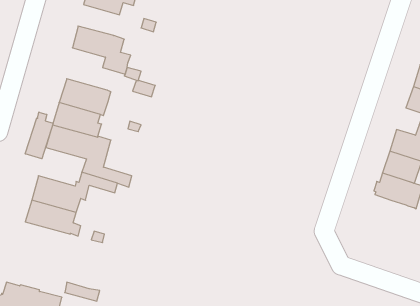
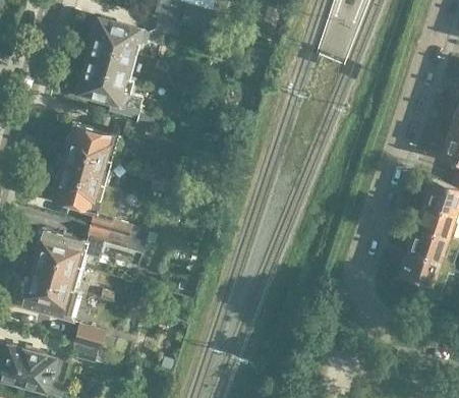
building: none -> [87,45,131,78]
building: [25,112,53,159] -> none
building: none -> [399,250,450,300]
building: none -> [22,280,81,324]
building: none -> [74,326,105,352]

